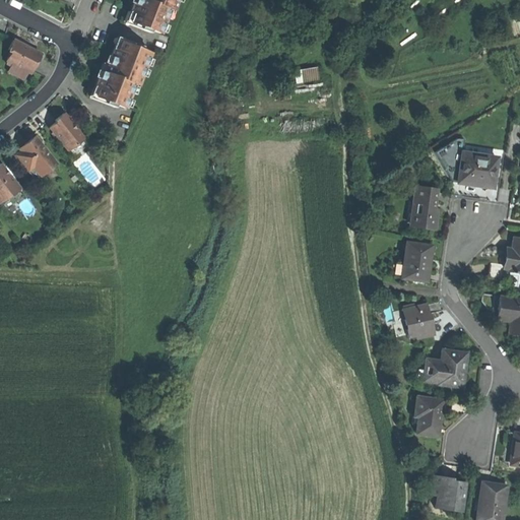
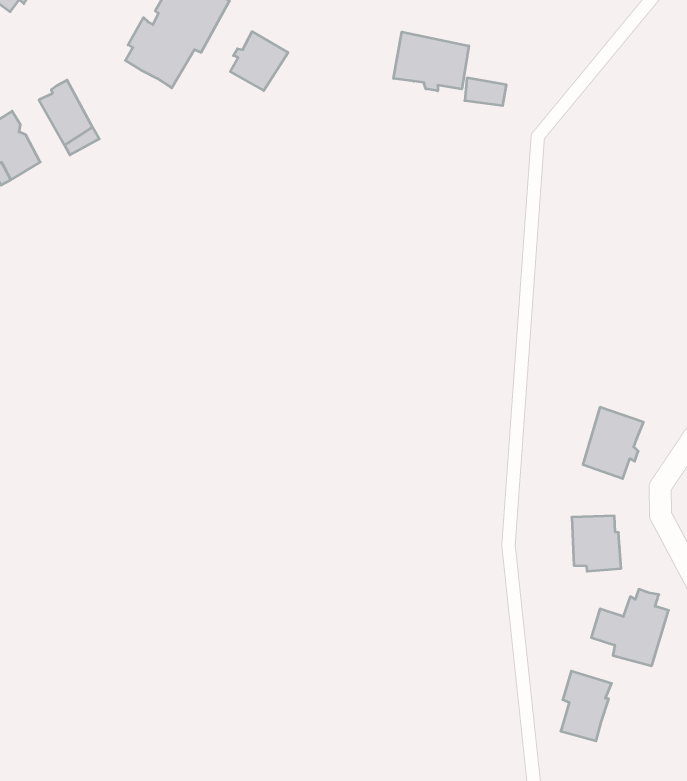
building: none -> [394,32,469,91]
building: none -> [230,32,288,91]
building: [409,189,436,229] -> none

